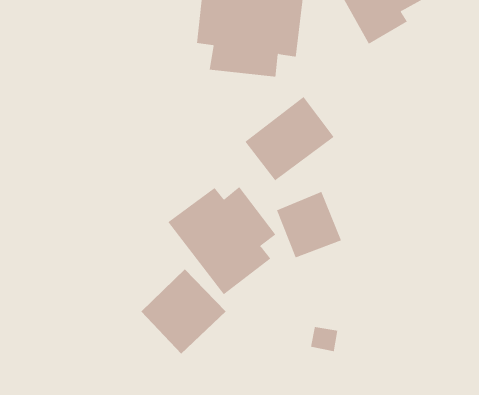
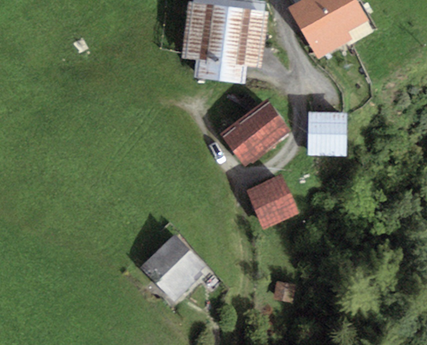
building: none -> [307,110,347,154]
building: [167,186,276,295] -> none

